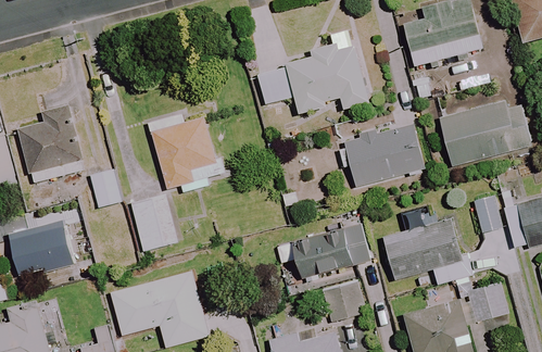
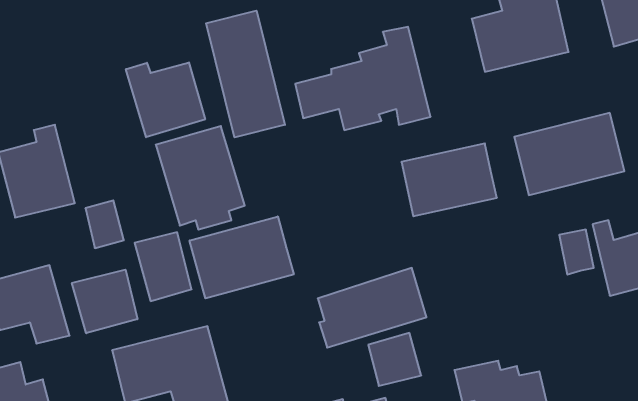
building: none -> [206,11,285,137]
building: none -> [126,62,205,137]
building: none -> [190,216,294,298]
building: [385,221,477,281] -> none
building: none -> [72,270,137,333]
building: [466,281,506,322] -> none

